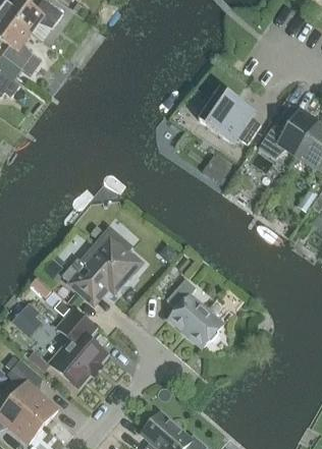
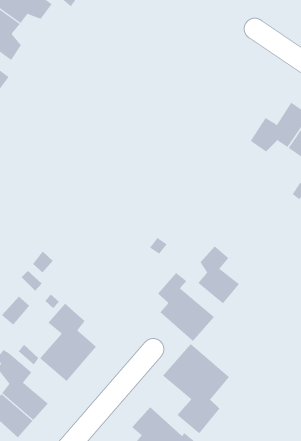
building: [198,87,260,144] -> none
building: [61,226,143,301] -> none
building: none -> [197,245,240,304]
building: none -> [162,343,230,434]

